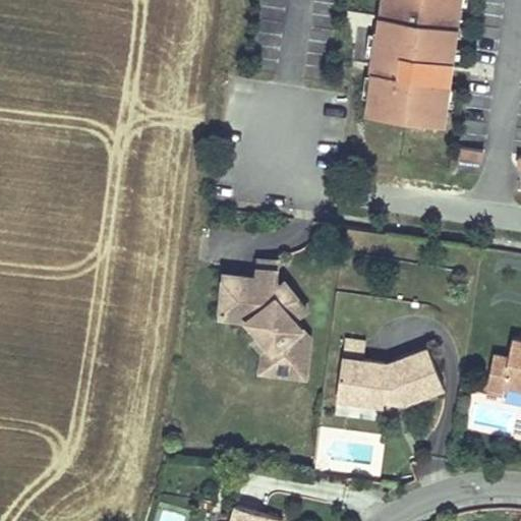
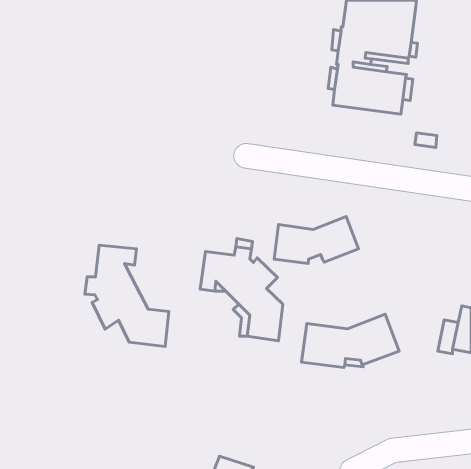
building: none -> [274,216,359,263]
building: none -> [85,245,169,347]

